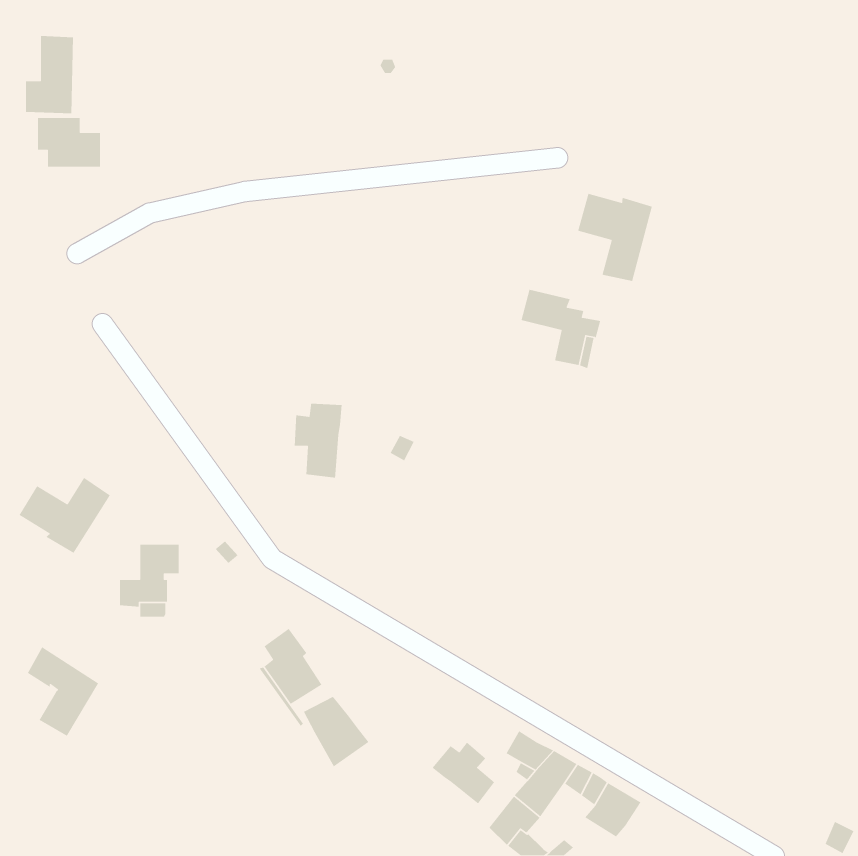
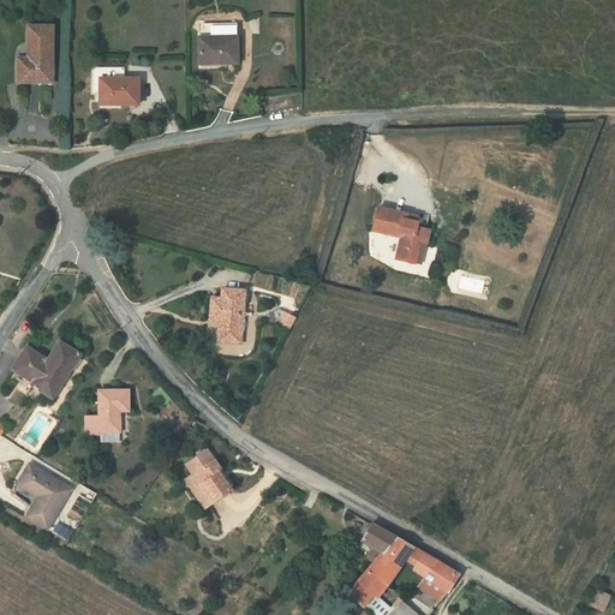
building: none -> [199,22,238,64]
building: [37,117,101,167] -> [92,67,138,103]
building: [577,193,653,282] -> none
building: [303,696,370,767] -> none
building: [431,742,495,805] -> none

